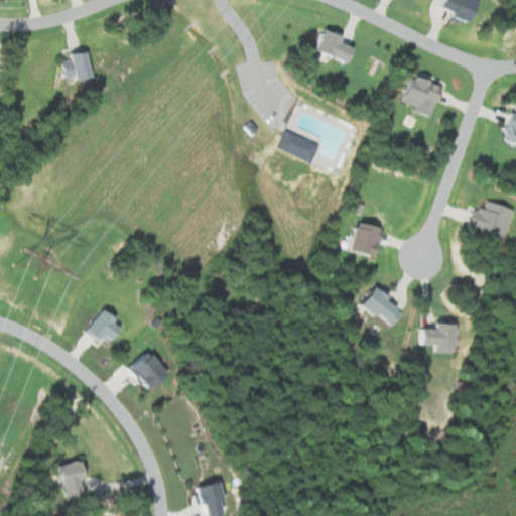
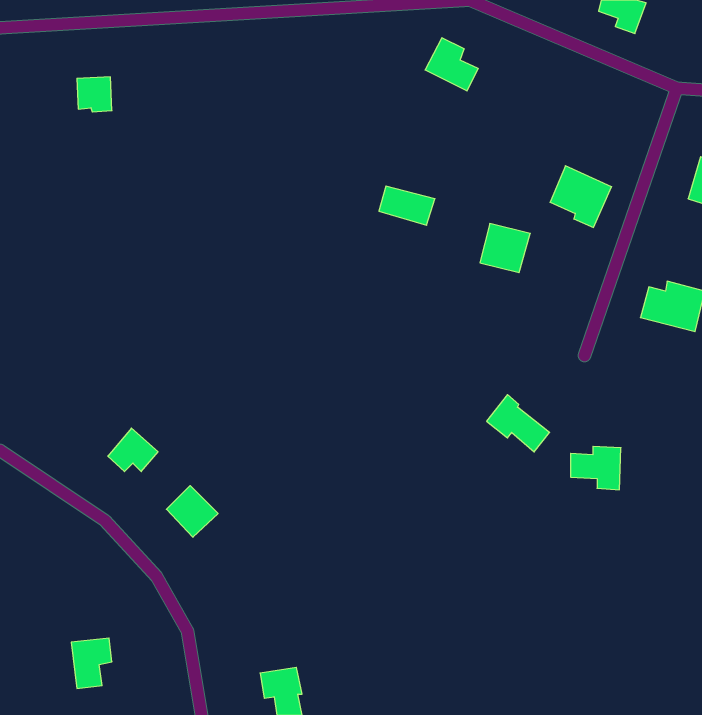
building: [401,74,445,118] -> [550,166,612,227]
building: [351,221,387,256] -> [480,224,530,273]

